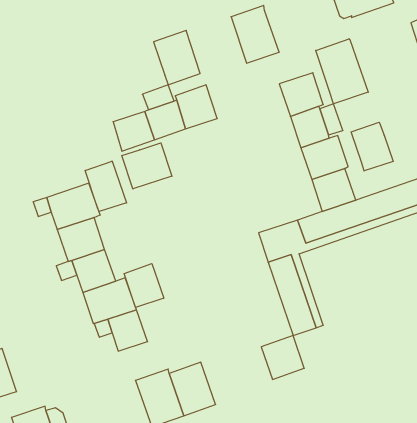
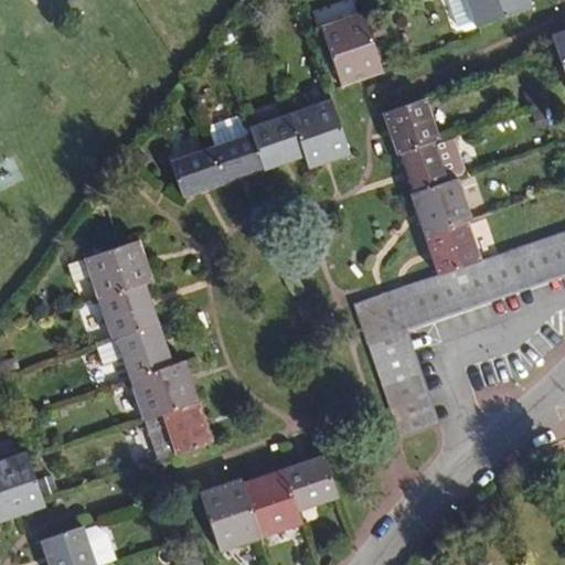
building: [154,30,200,85] -> [289,99,349,169]
building: [316,39,368,104] -> none
building: [351,122,393,171] -> none
building: [122,143,172,189] -> none
building: [85,161,127,211] -> none
building: [124,264,164,307] -> none
building: [261,336,304,379] -> [282,455,338,511]

